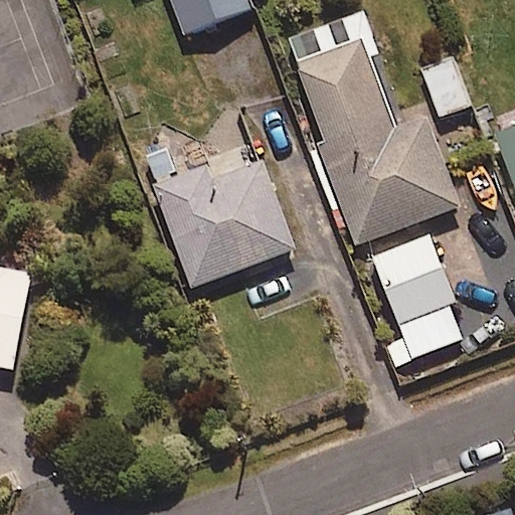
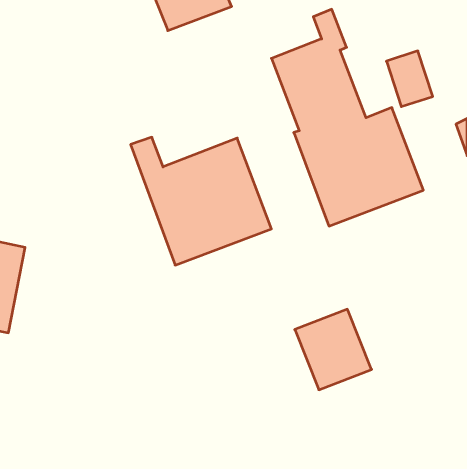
building: [371,236,455,324] -> [295,309,372,390]

